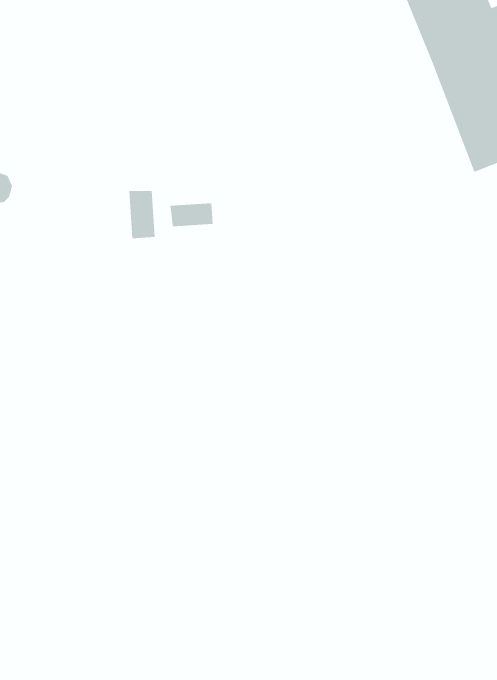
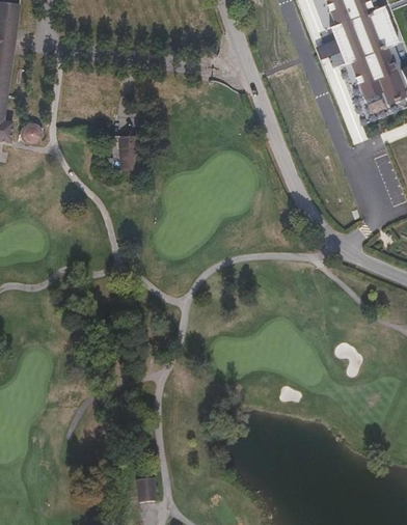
building: [170,202,213,227] -> none

